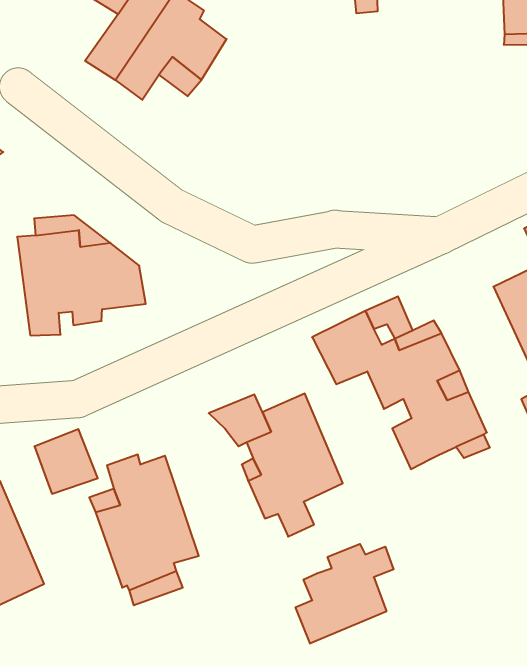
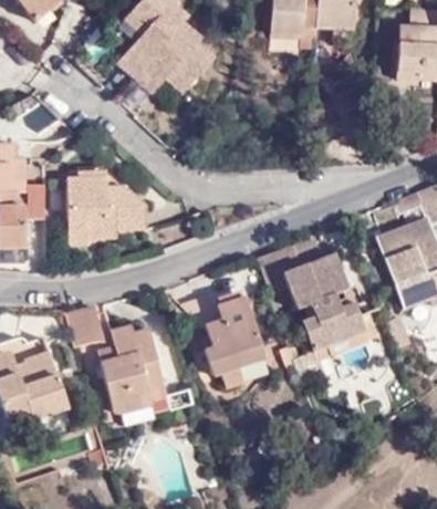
building: [296,544,394,644] -> none

